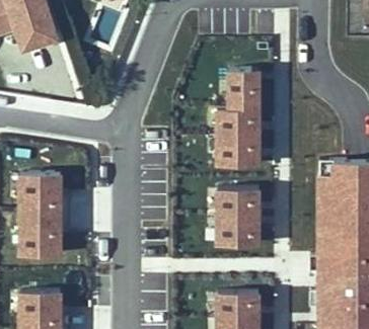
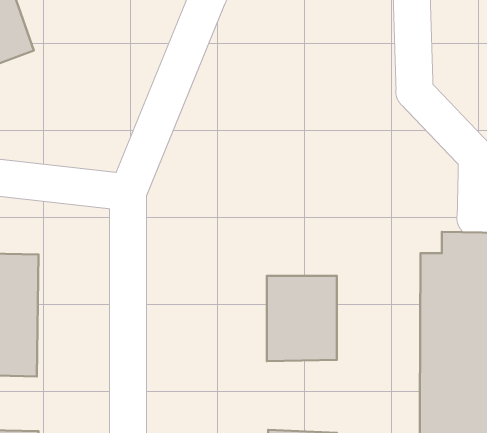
building: [215,71,261,167] -> none

